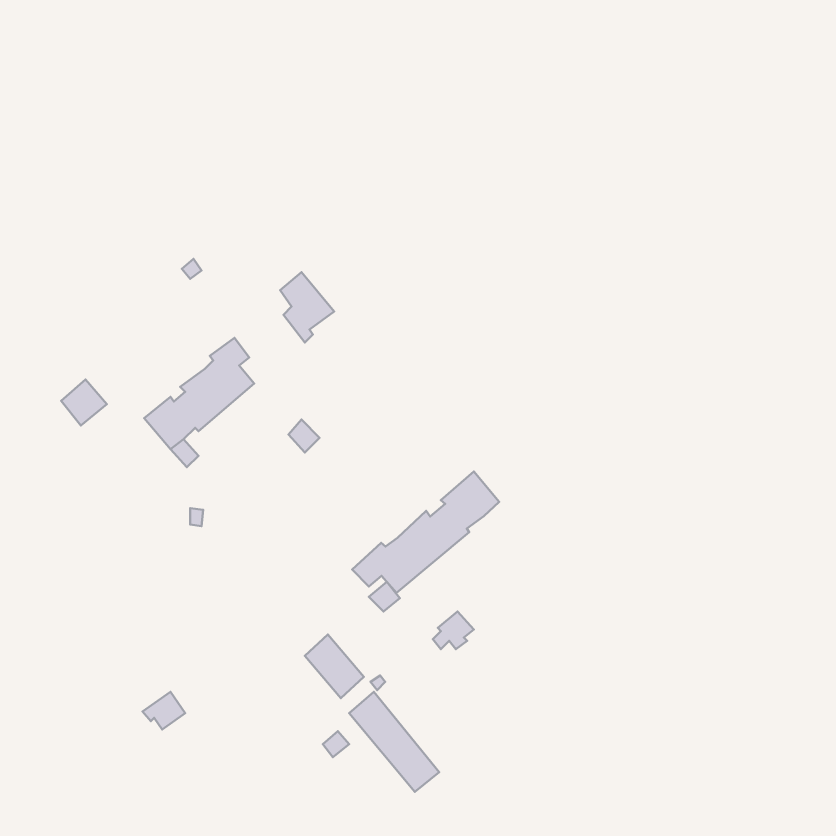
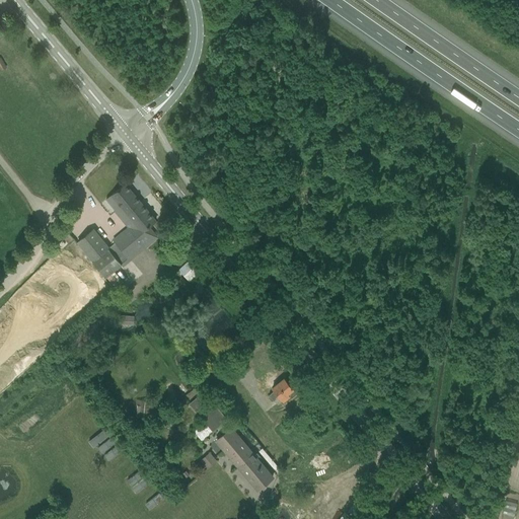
building: [280,272,334,343] -> [112,186,145,229]
building: [61,380,107,425] -> [77,231,105,260]
building: [352,472,499,593] -> none

